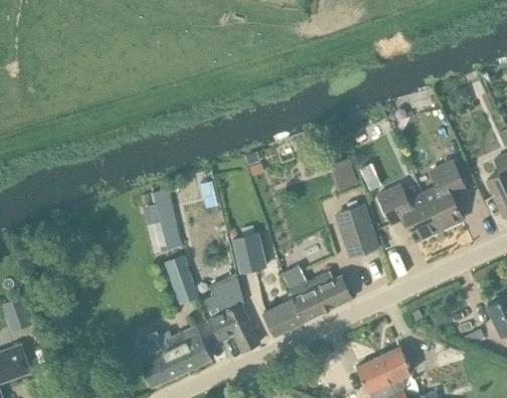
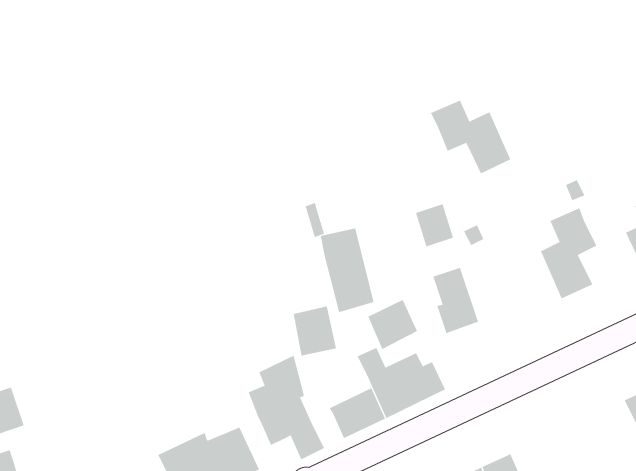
building: [377,185,439,241] -> [430,100,511,174]
building: [140,189,181,253] -> [320,228,374,313]
building: [164,254,198,305] -> none

